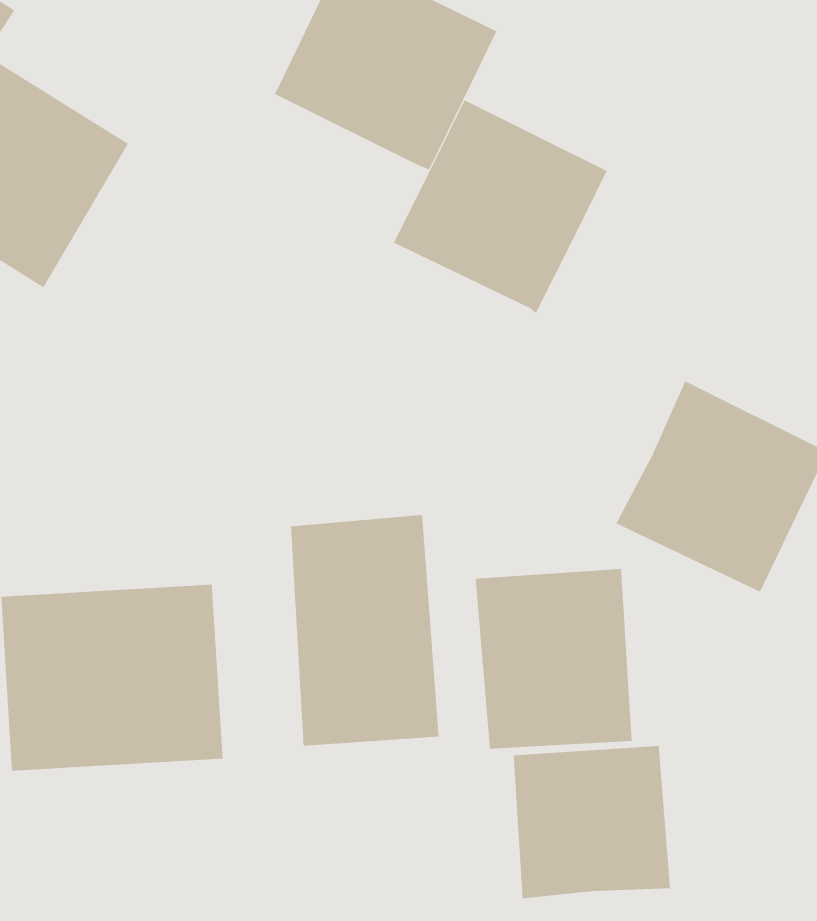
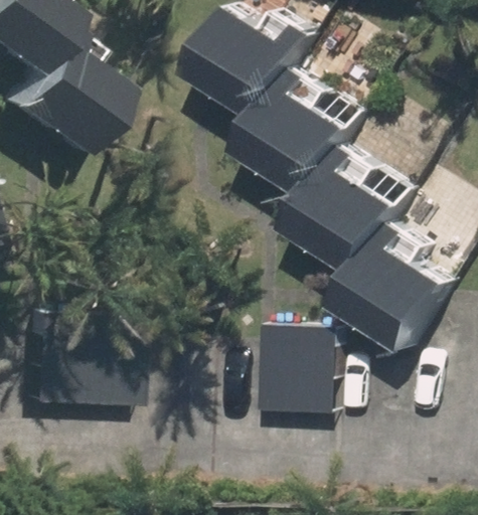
building: none -> [291,156,406,270]
building: [290,514,439,747] -> none
building: [513,745,671,899] -> none

